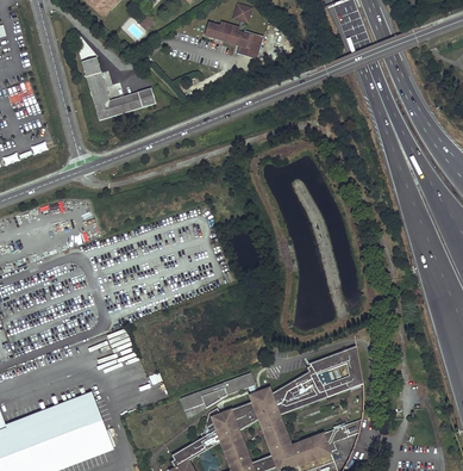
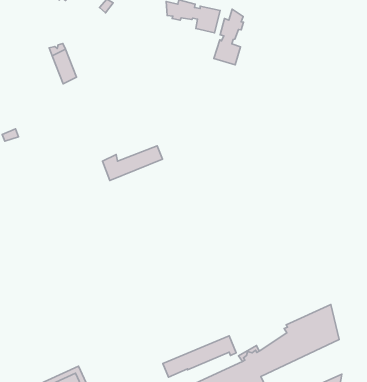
building: none -> [214,9,244,65]
building: [96,87,158,119] -> [103,146,163,180]

